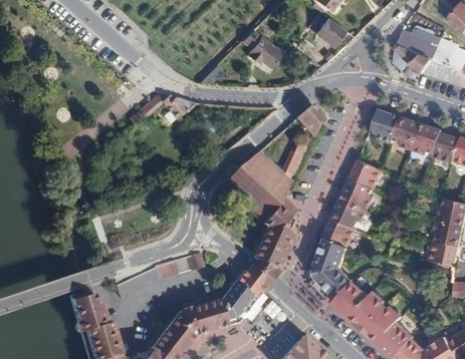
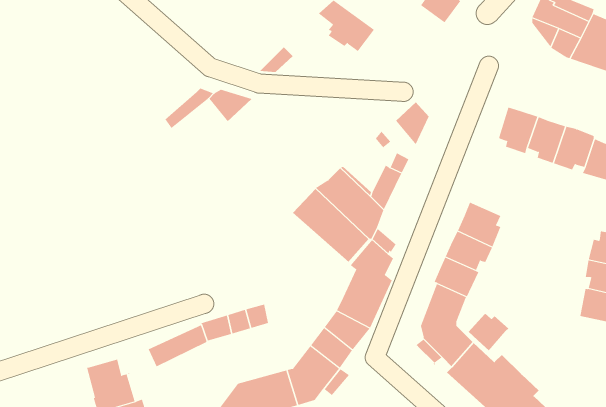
building: [351,158,383,189] -> none
building: none -> [468,313,509,351]

